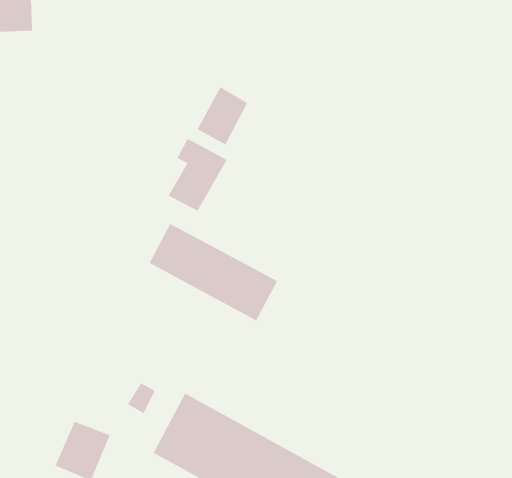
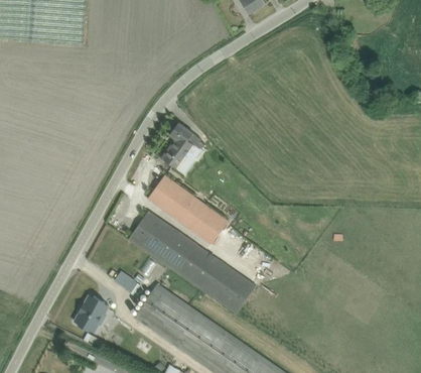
building: [197,86,248,145] -> none
building: none -> [128,211,255,314]

